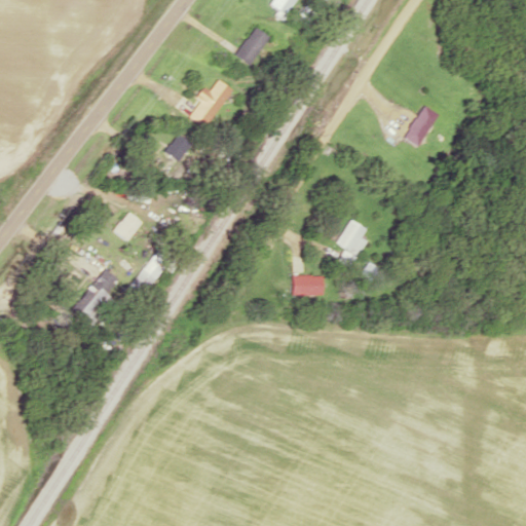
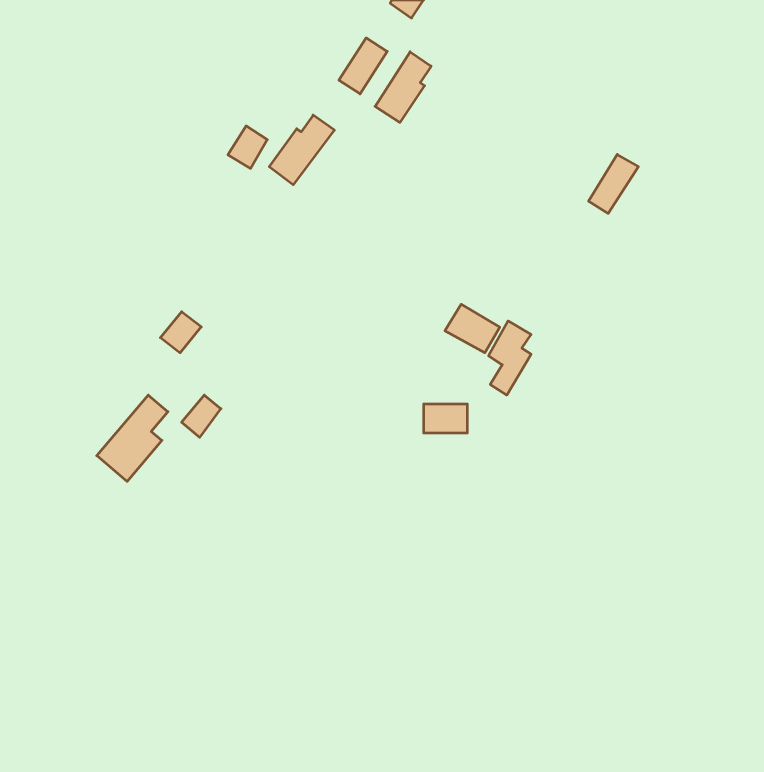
building: none -> [375,52,431,122]
building: [165,133,192,161] -> [228,126,267,168]
building: none -> [445,304,500,353]

